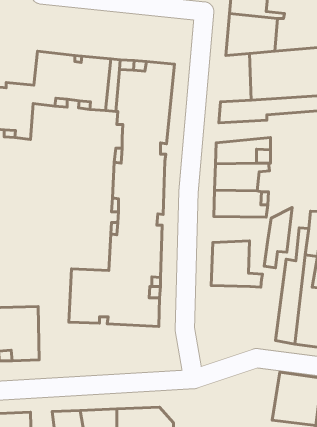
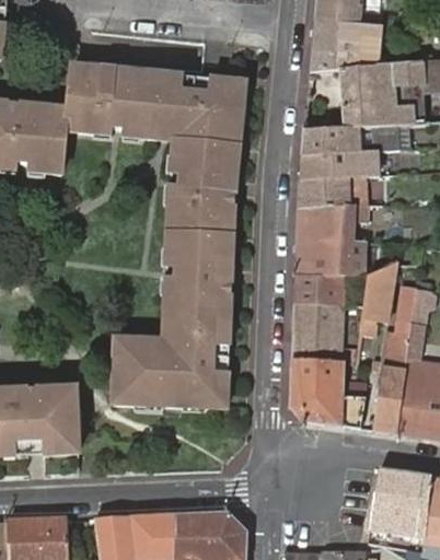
building: none -> [299,151,380,180]
building: none -> [294,272,368,305]
building: none -> [291,359,341,423]

